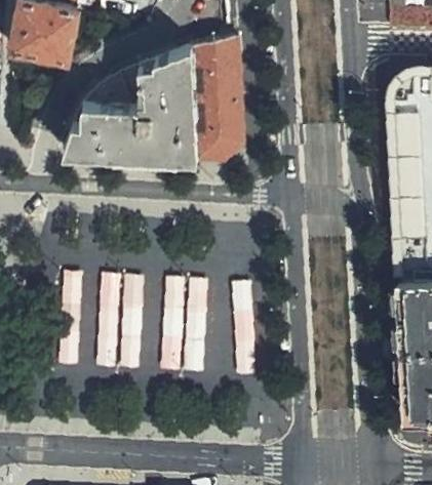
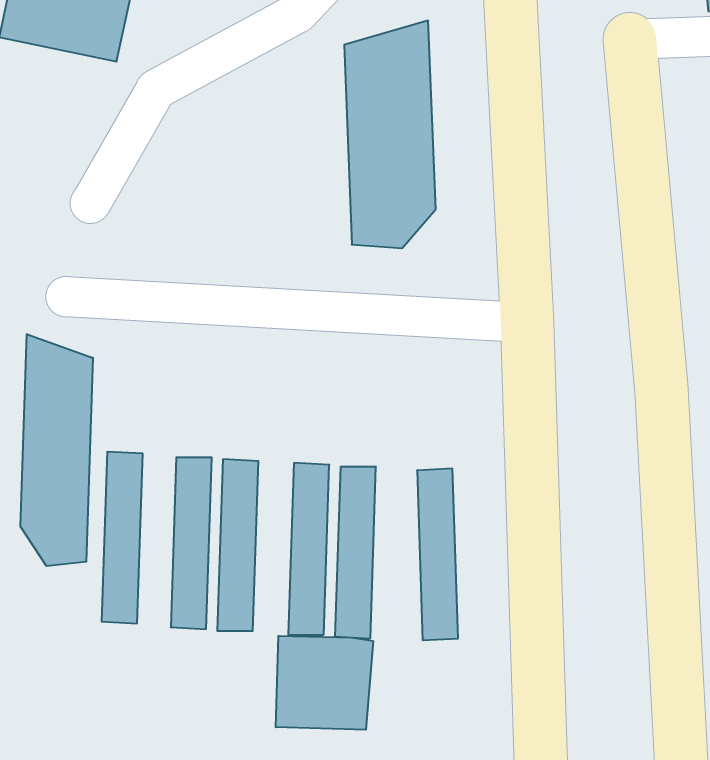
building: [65,37,196,158] -> none
building: none -> [20,334,93,566]
building: none -> [276,636,373,730]

